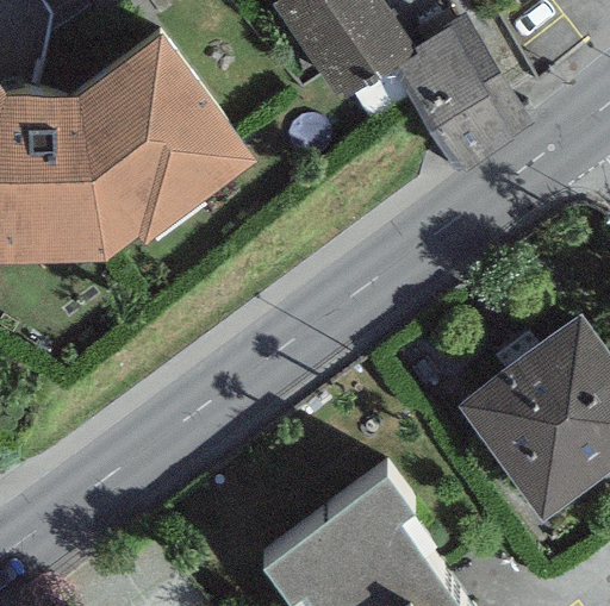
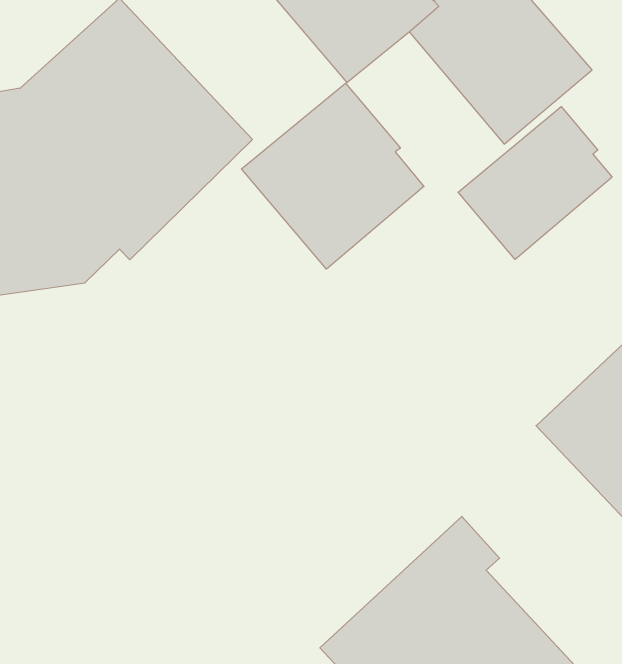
building: none -> [241,83,424,269]
building: none -> [458,107,612,259]

